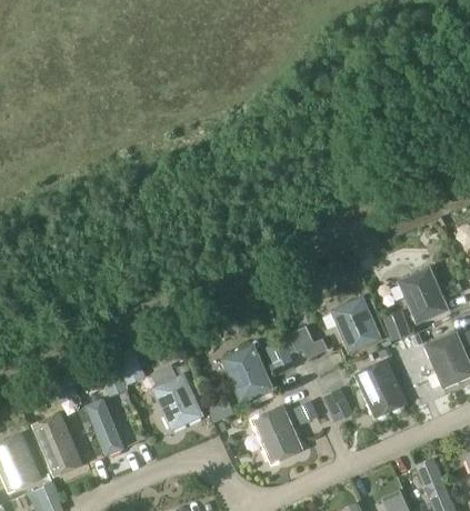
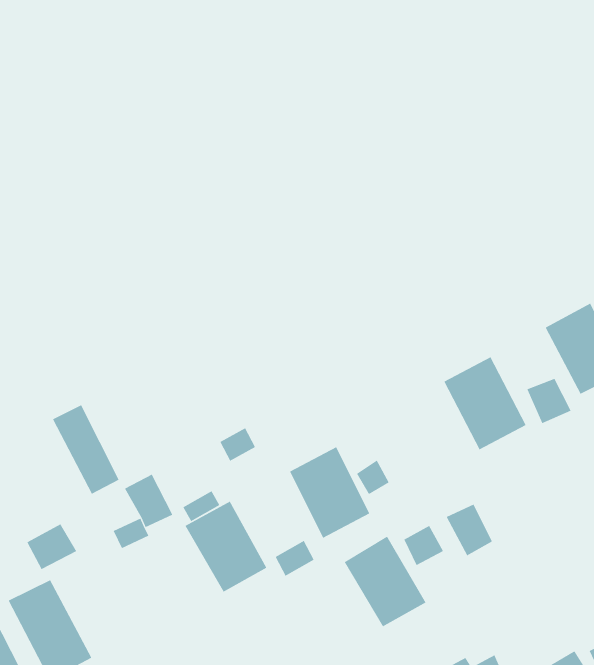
building: [290,325,329,358] -> none
building: [353,359,404,418] -> none
building: [86,397,126,455] -> [52,405,119,494]

